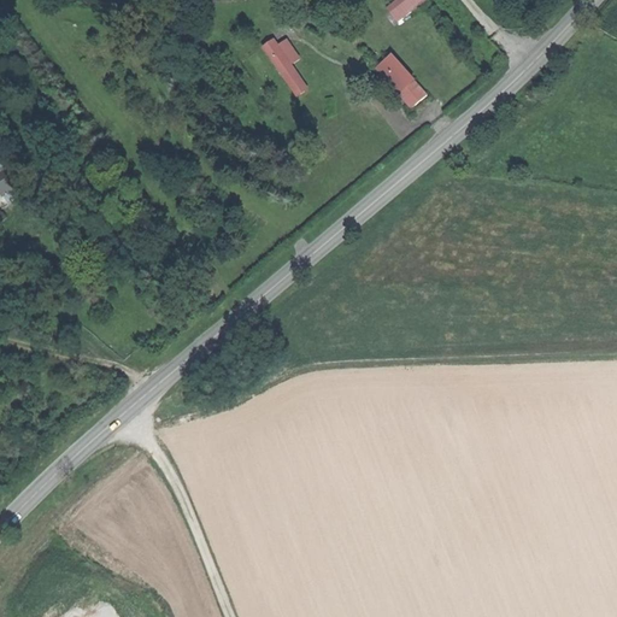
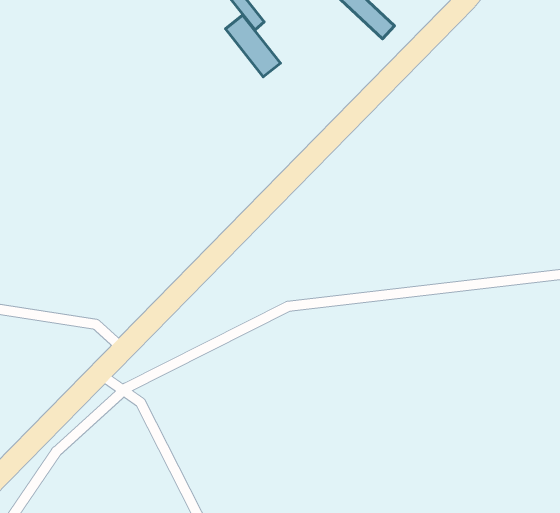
building: none -> [225,15,280,77]

